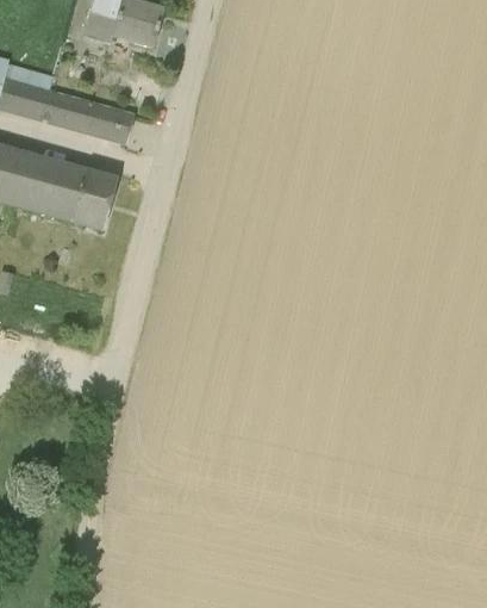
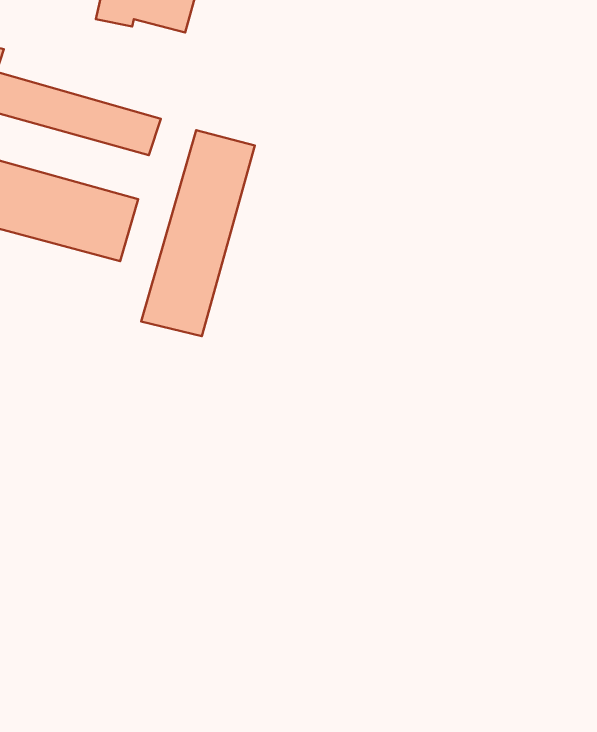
building: none -> [141,130,255,336]

